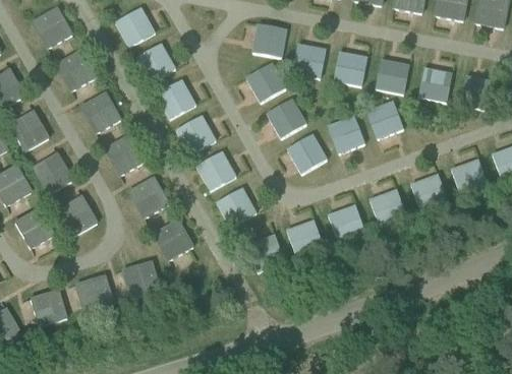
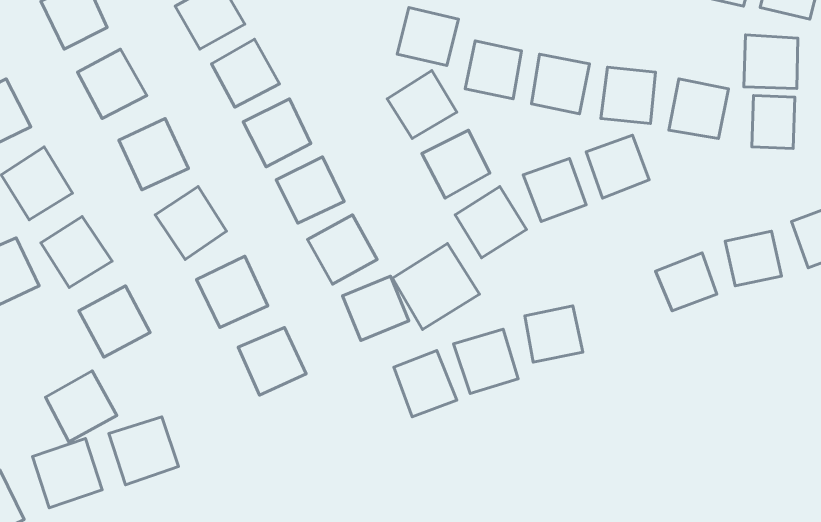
building: none -> [744,35,798,88]
building: none -> [393,244,479,330]
building: [368,188,408,228] -> none
building: [12,204,56,248] -> [46,371,117,442]
building: [121,259,163,300] -> none

